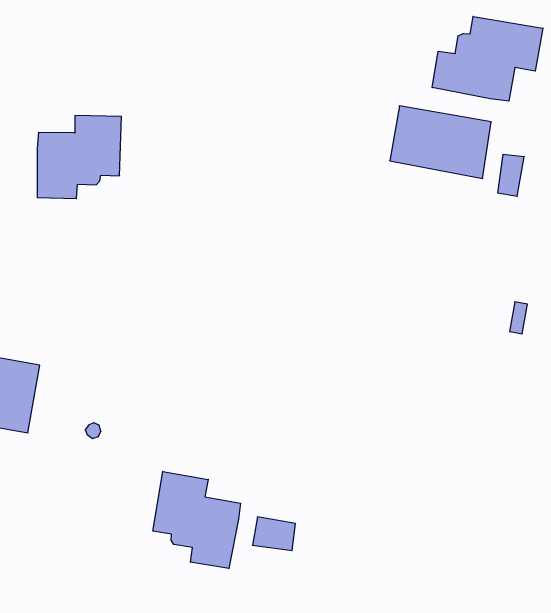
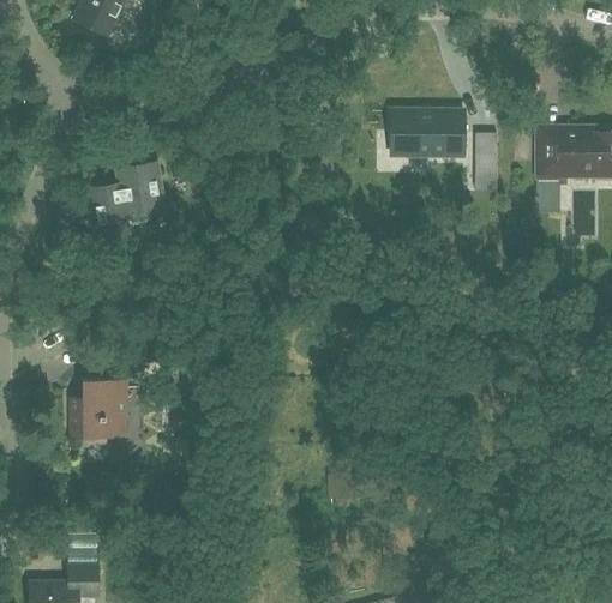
building: [432,16,543,101] -> none
building: [153,471,240,569] -> none

